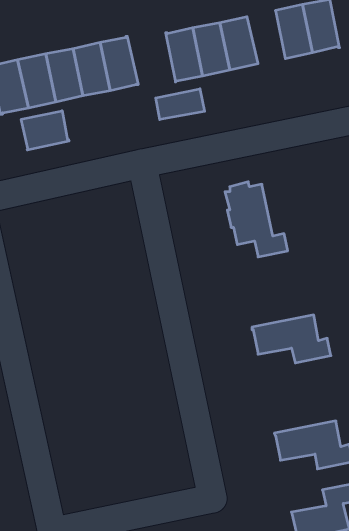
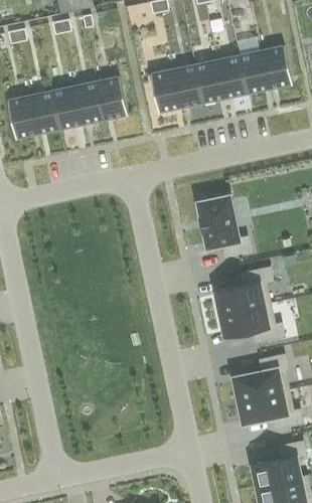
building: none -> [216,54,248,98]
building: [156,89,205,120] -> none
building: [21,111,69,150] -> none
building: none -> [216,267,273,313]
building: none -> [235,354,289,399]

